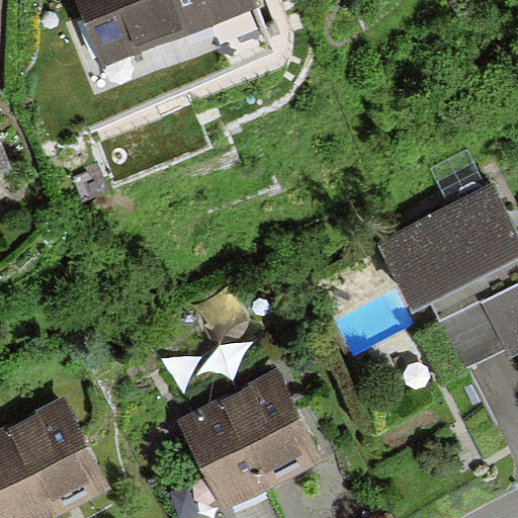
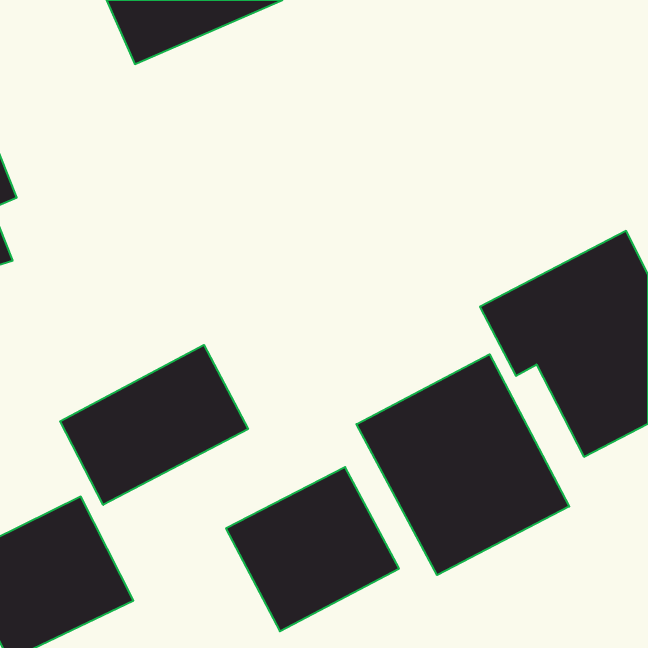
building: none -> [60,345,248,505]
building: none -> [356,354,569,575]

